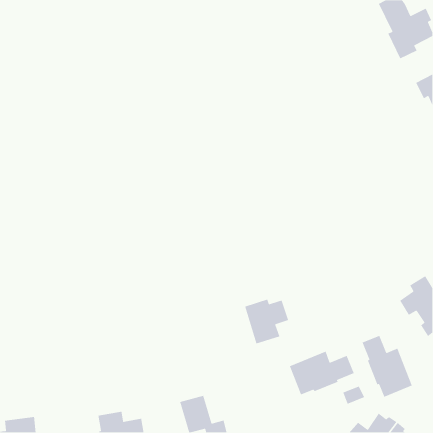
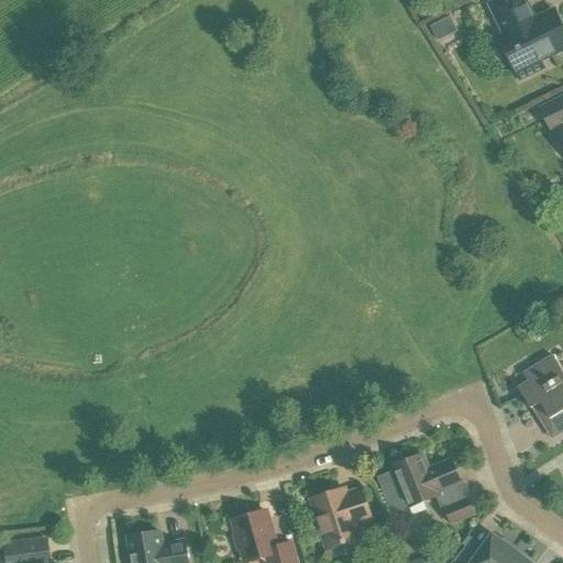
building: [244,299,289,344] -> [311,489,369,549]
building: [361,335,413,398] -> none

